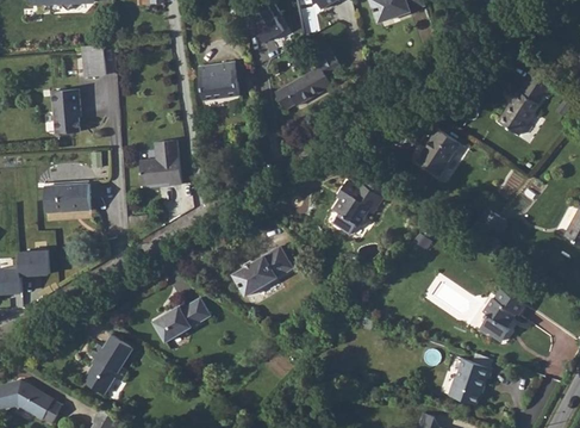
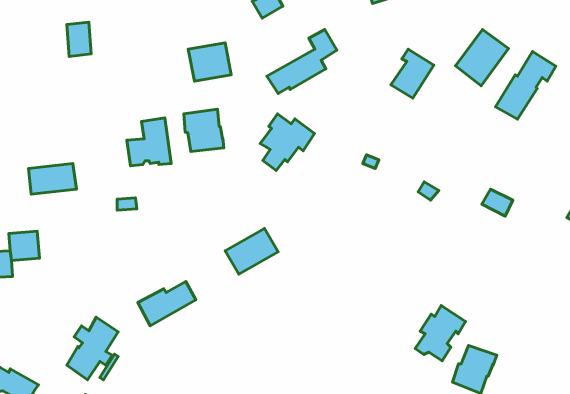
building: none -> [456,30,509,86]
building: [51,91,80,135] -> none
building: none -> [184,109,224,151]
building: [418,130,460,178] -> [391,49,434,98]
building: [328,181,380,236] -> [260,114,314,170]
building: [479,289,528,342] -> [415,305,466,361]

